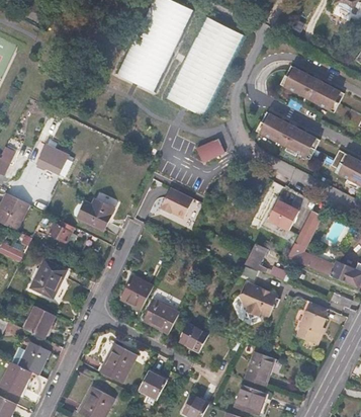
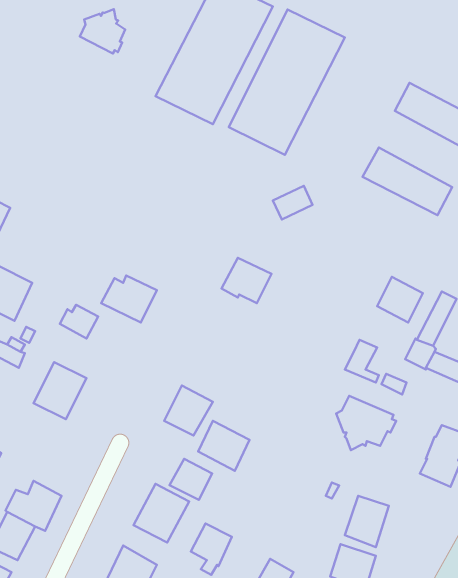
building: none -> [80,9,125,53]
building: [36,144,72,176] -> none
building: [24,305,57,338] -> none
building: [179,323,208,351] -> [170,459,212,500]

